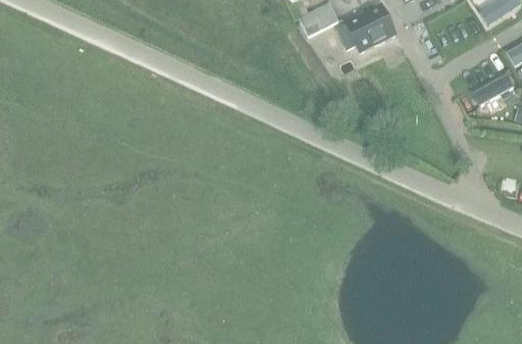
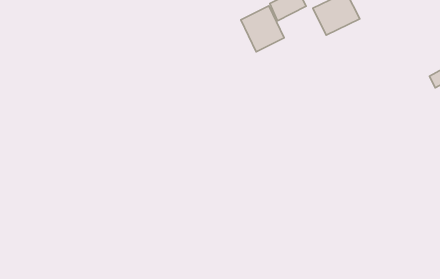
building: none -> [241,6,284,52]

